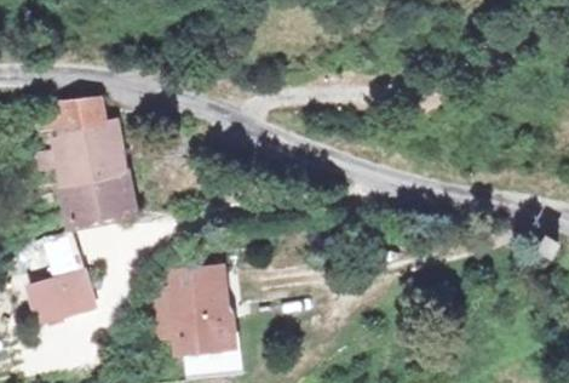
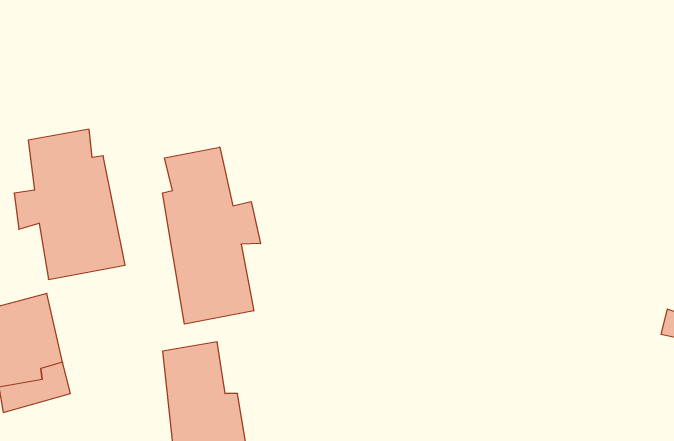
building: none -> [163,147,260,324]

